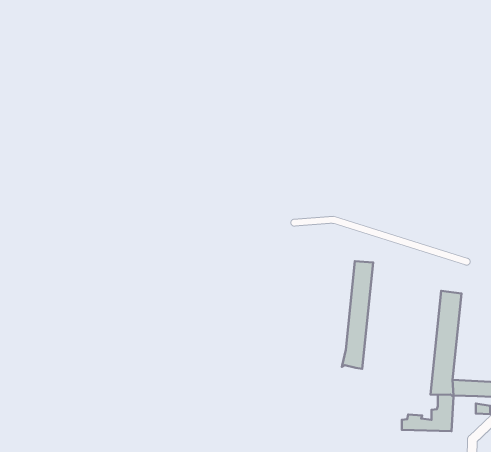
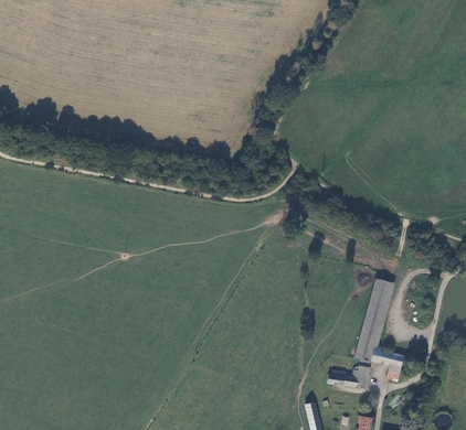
building: [342,261,373,369] -> none

